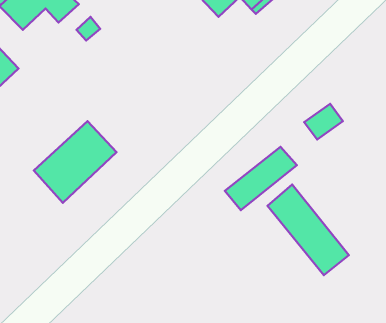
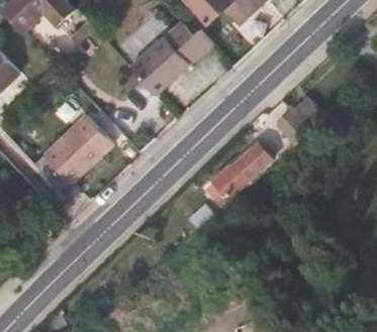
building: none -> [129,22,211,96]
building: [267,185,349,275] -> none

